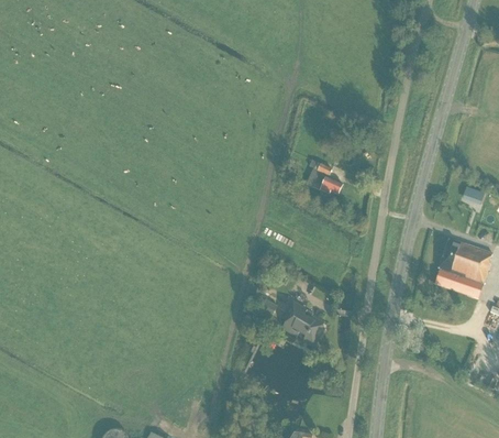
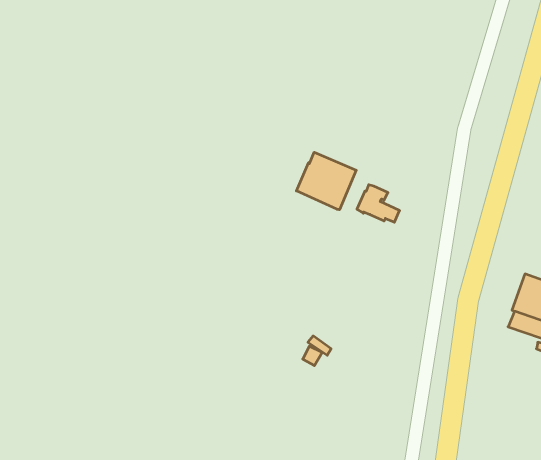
building: none -> [296,152,356,210]
building: [284,302,321,343] -> none

